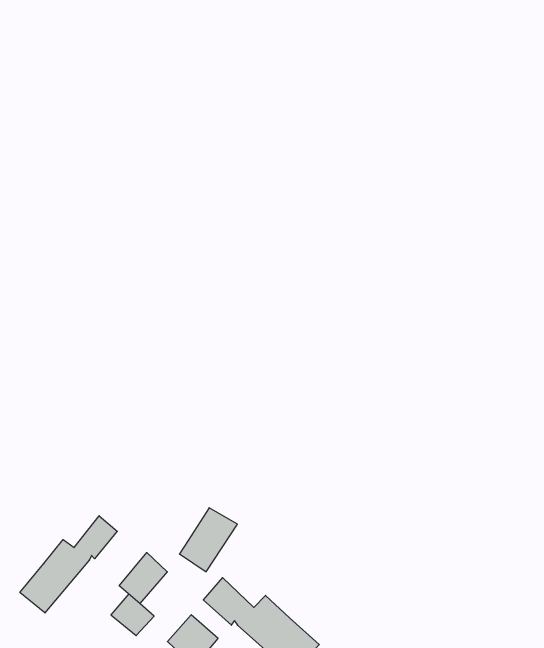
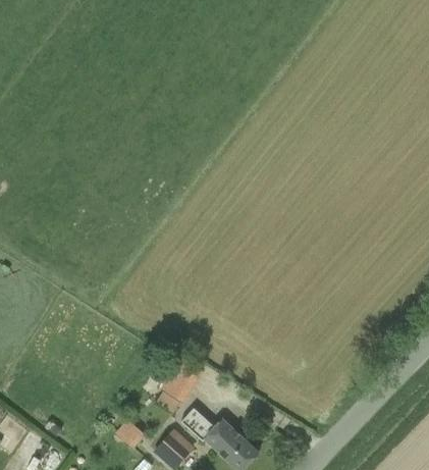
building: [20,516,117,613] -> none
building: [119,553,167,604] -> none

